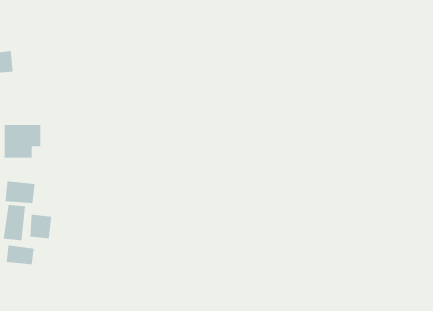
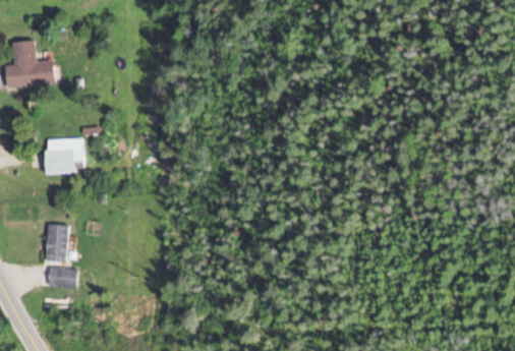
building: [5,180,35,204] -> none
building: [30,214,52,239] -> none

